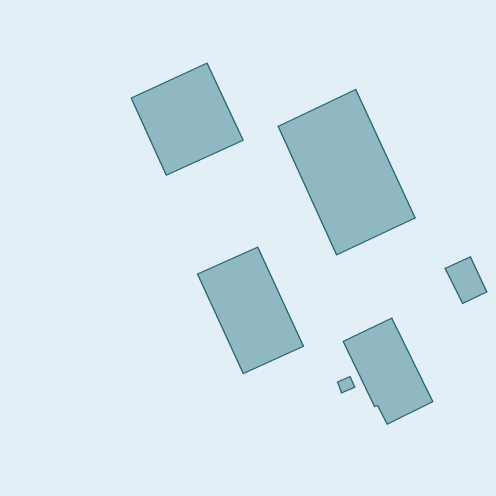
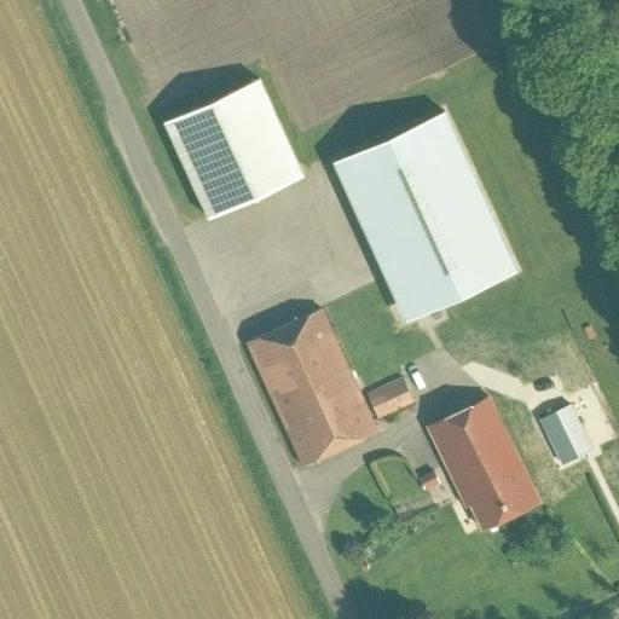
building: [445,257,487,303] -> [540,406,592,464]
building: none -> [369,377,416,418]

